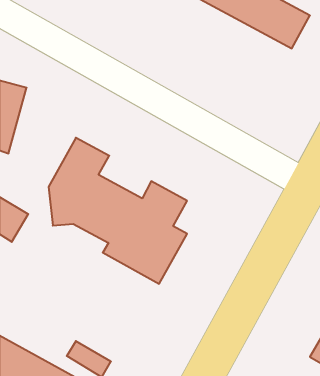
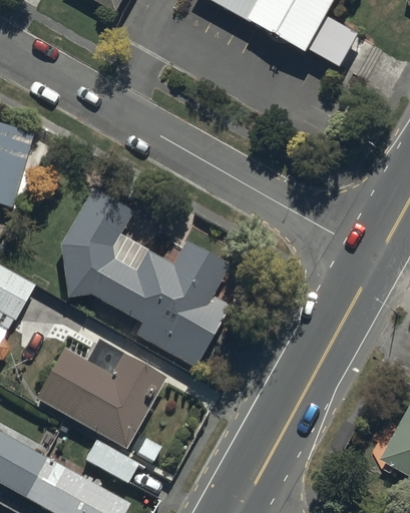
building: none -> [35,341,164,448]

